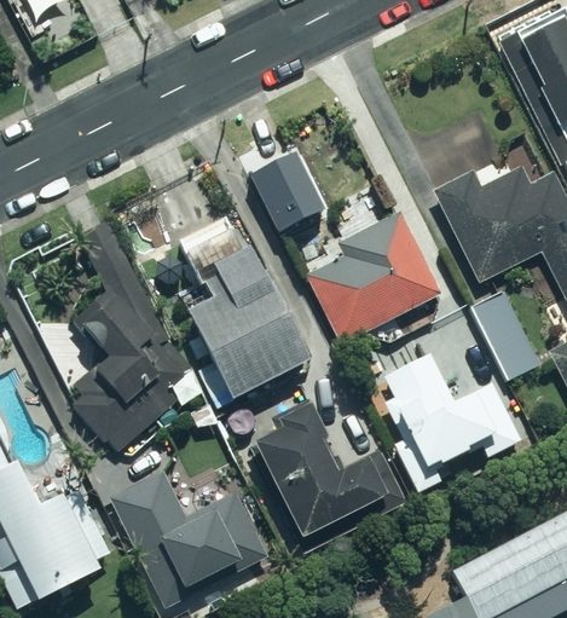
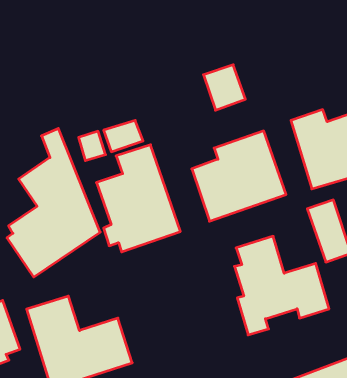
building: [261,157,323,223] -> [203,65,245,110]
building: [238,397,386,539] -> none

